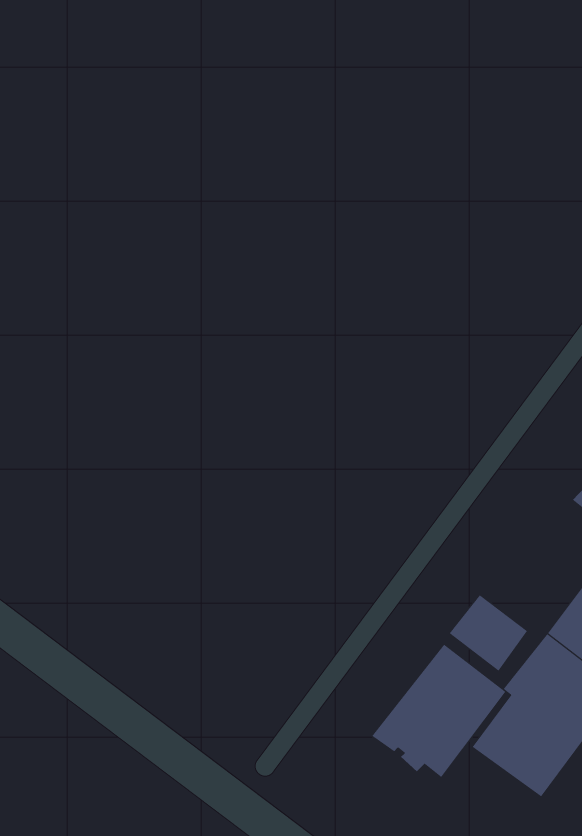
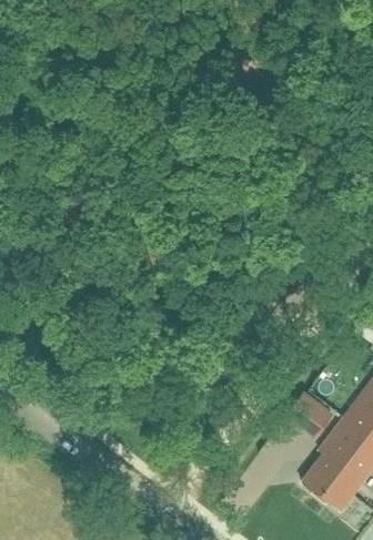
building: [371,644,506,778] -> none

